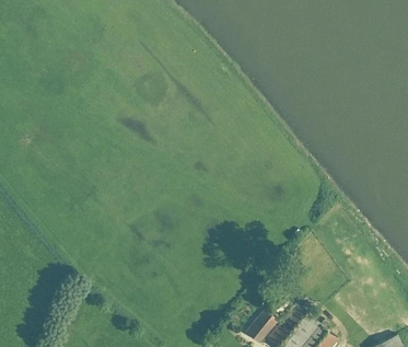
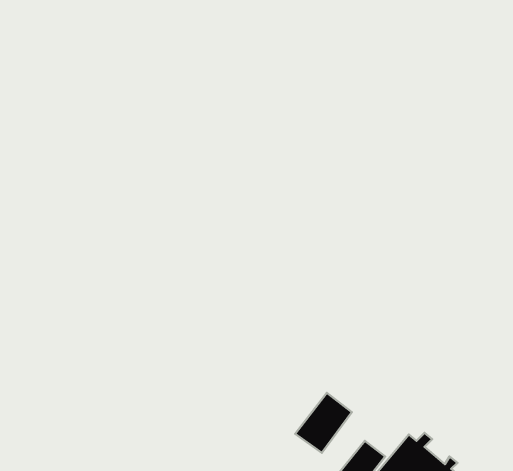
building: none -> [295,393,352,453]

